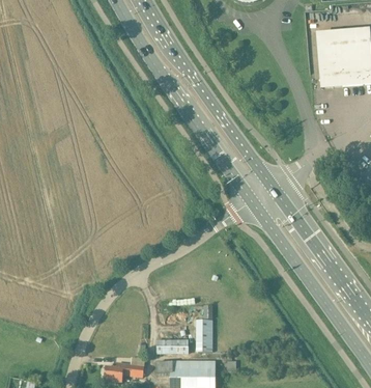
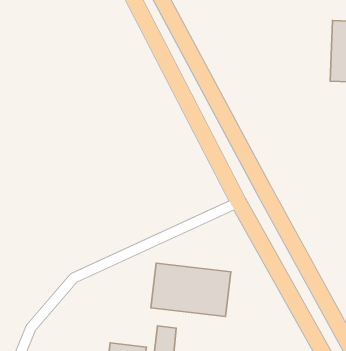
building: none -> [151,263,231,317]

